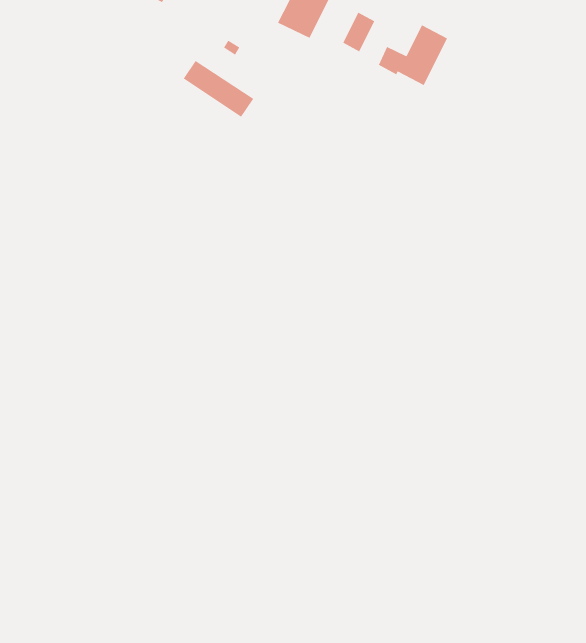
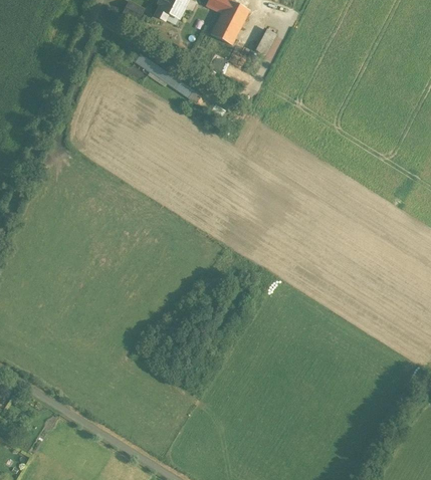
building: [378,24,448,86] -> none

